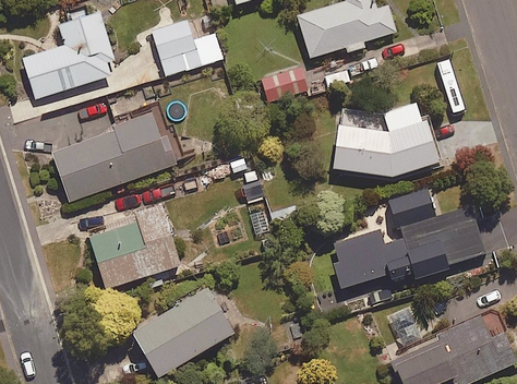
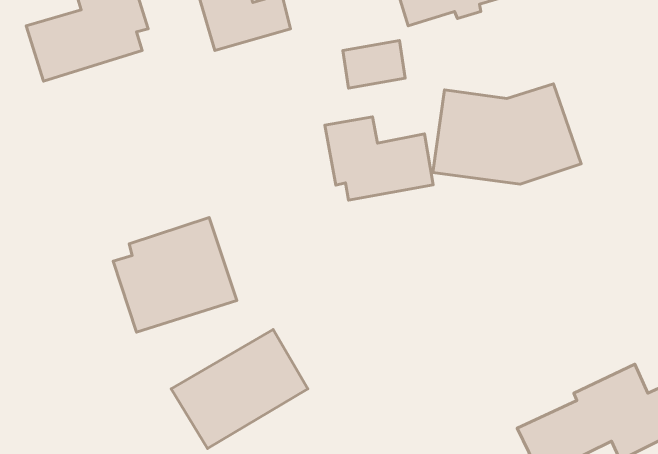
building: [49,111,179,204] -> none
building: none -> [325,117,433,200]
building: [332,187,488,289] -> none

